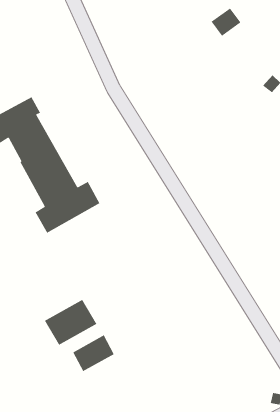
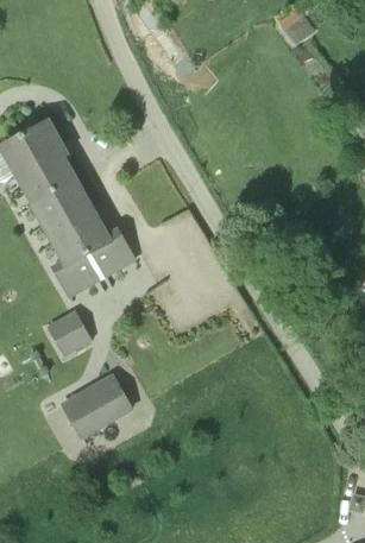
building: none -> [49,311,93,355]
building: [72,334,115,372] -> none

